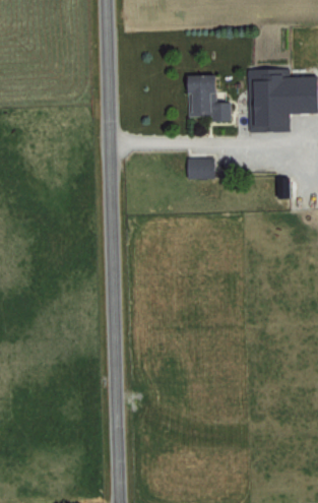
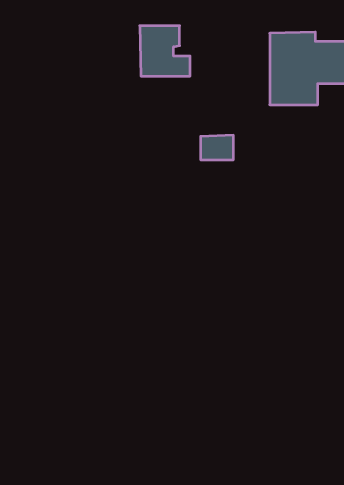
building: [191,75,235,119] -> [140,26,190,76]

